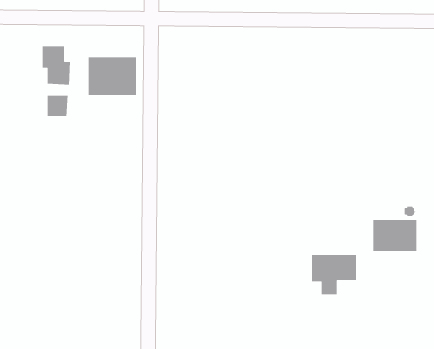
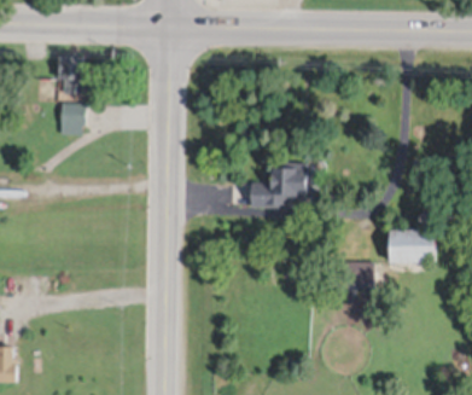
building: [88,56,137,96] -> none
building: none -> [250,162,311,208]

